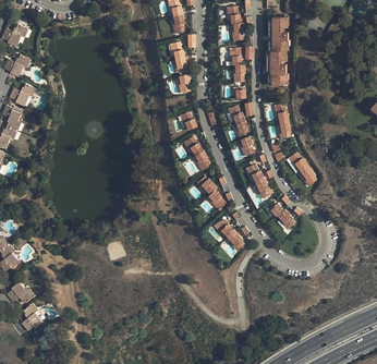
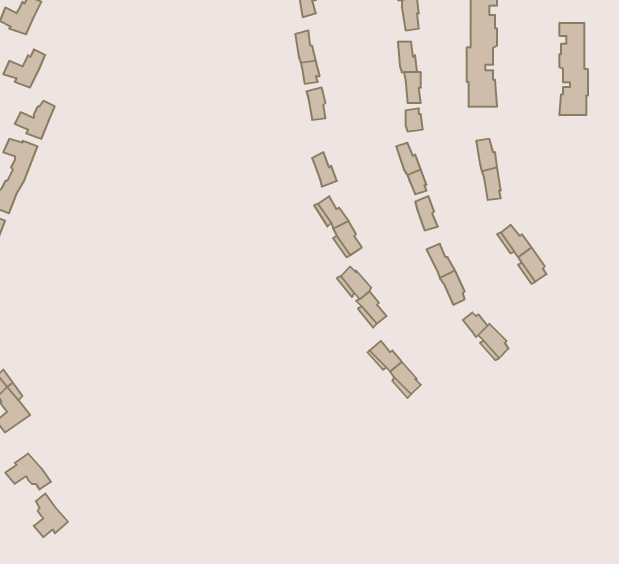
building: none -> [560,23,588,115]

